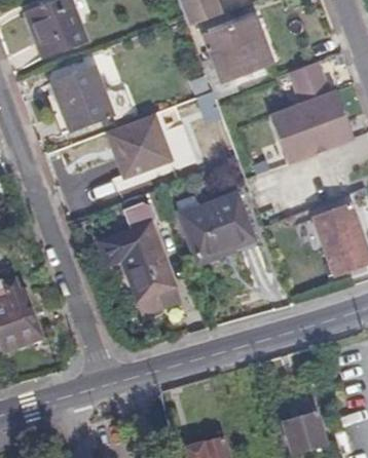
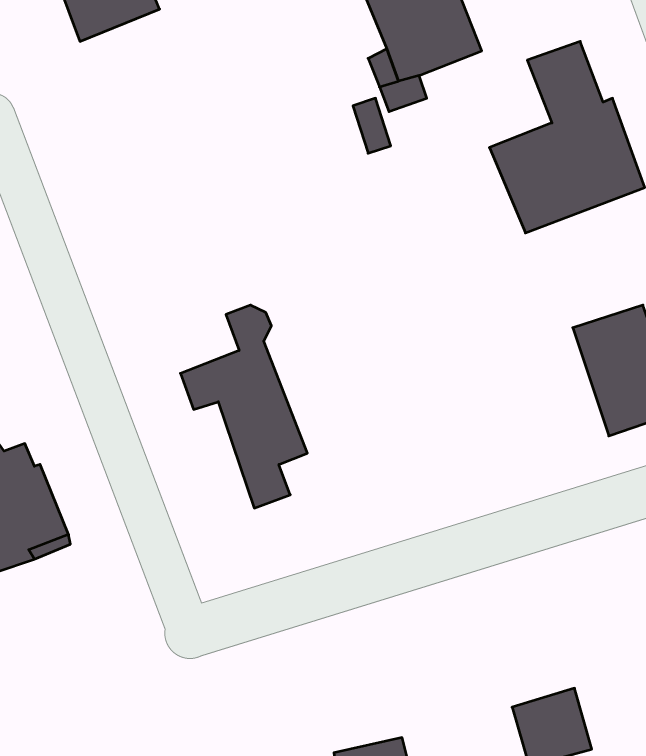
building: [53,68,114,133] -> none
building: [97,114,196,197] -> none
building: [179,194,254,263] -> none

